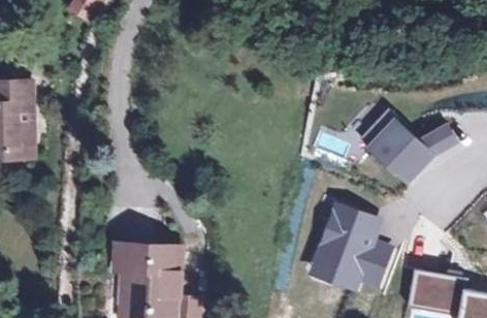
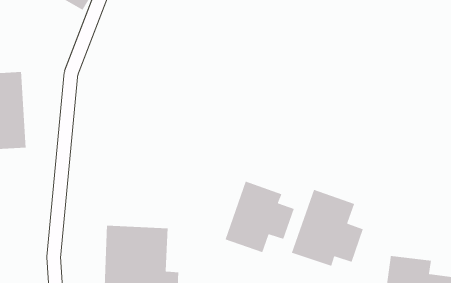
building: [372,120,456,180] -> none
building: none -> [224,180,295,253]

